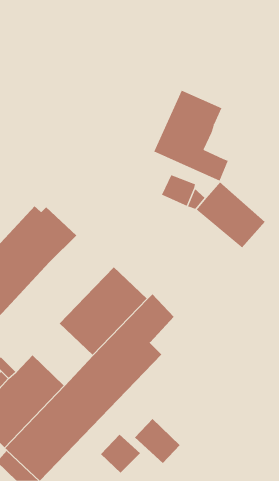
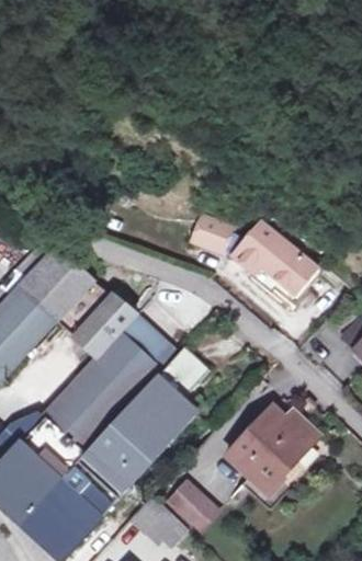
building: [153,90,229,181] -> none
building: none -> [67,282,139,351]
building: none -> [44,381,115,451]
building: none -> [228,412,309,497]

